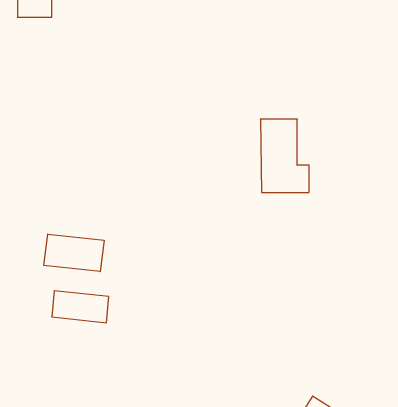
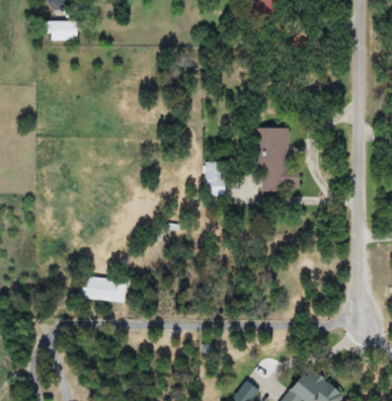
building: none -> [205,161,226,196]
building: [44,234,104,272] -> none

